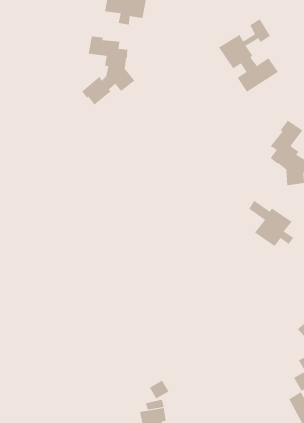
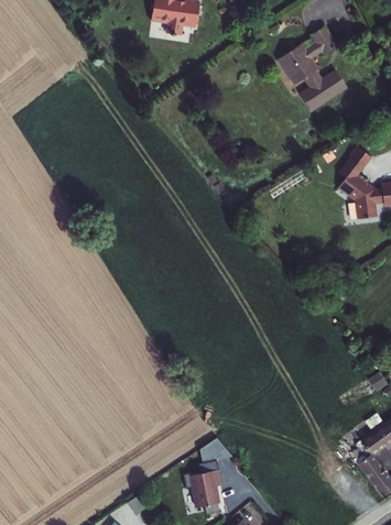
building: [81,35,135,105] -> none
building: [248,200,294,247] -> none

